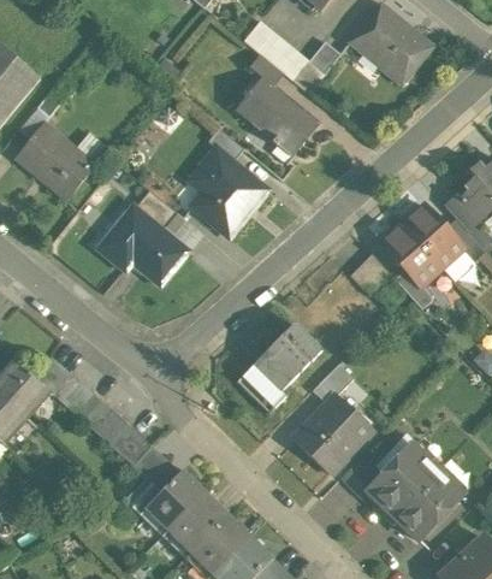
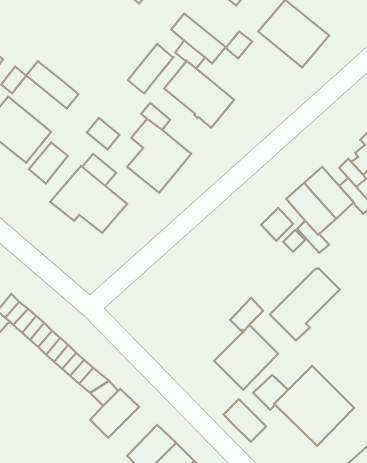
building: none -> [128,44,173,93]
building: none -> [26,61,79,108]
building: none -> [87,118,119,150]
building: none -> [29,142,68,183]
building: [238,325,322,412] -> [270,269,340,341]
building: none -> [224,399,266,442]
building: [167,494,226,553] -> none

